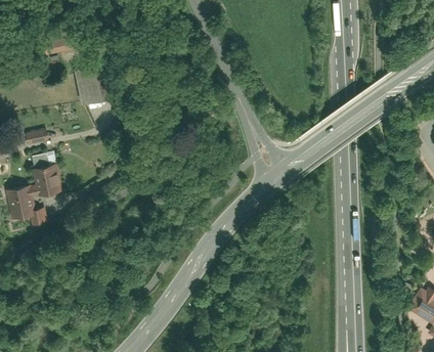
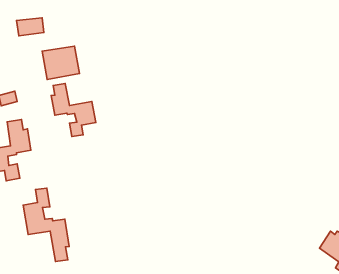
building: none -> [51,84,96,136]
building: none -> [23,188,69,262]

